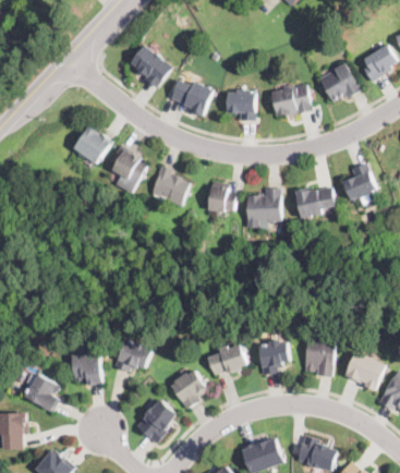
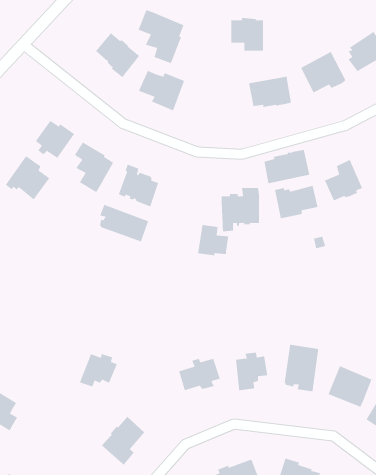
building: none -> [138,9,185,65]
building: [226,89,256,121] -> [231,17,264,52]
building: none -> [264,149,310,184]
building: none -> [5,155,50,201]
building: [207,181,237,210] -> [197,224,229,256]
building: none -> [99,204,149,242]
building: [72,352,101,386] -> none
building: [169,369,207,410] -> none

